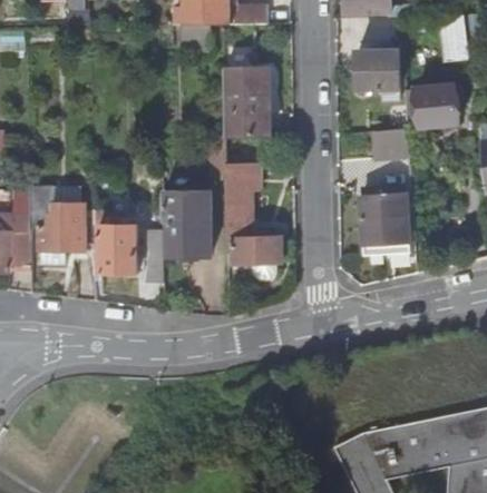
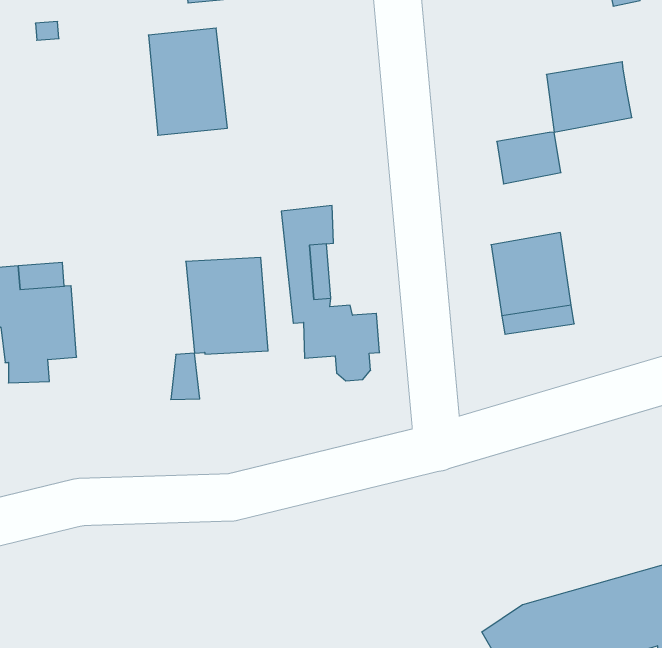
building: [359,49,401,89] -> none
building: [224,69,271,136] -> [148,28,227,135]
building: [94,191,138,273] -> none

